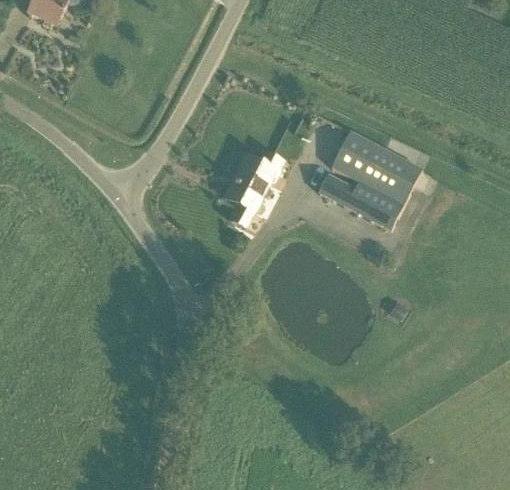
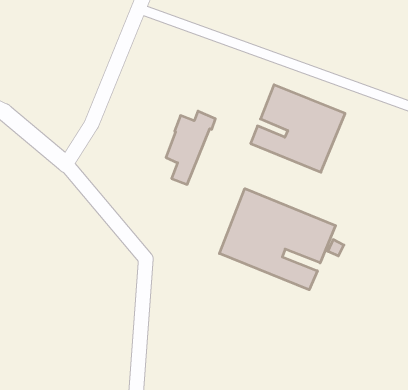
building: none -> [219,189,336,290]

